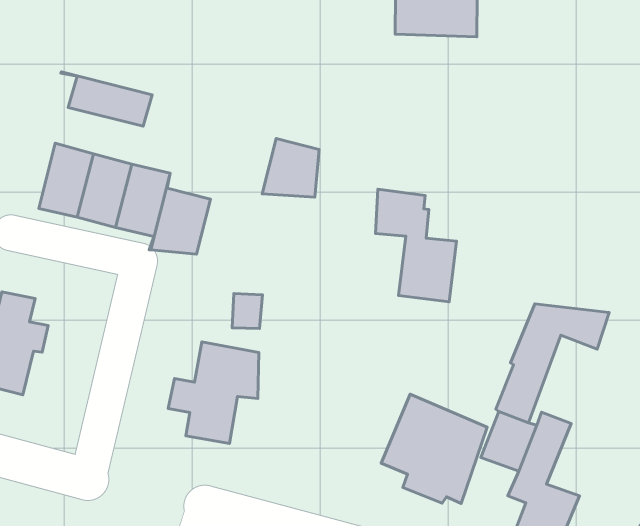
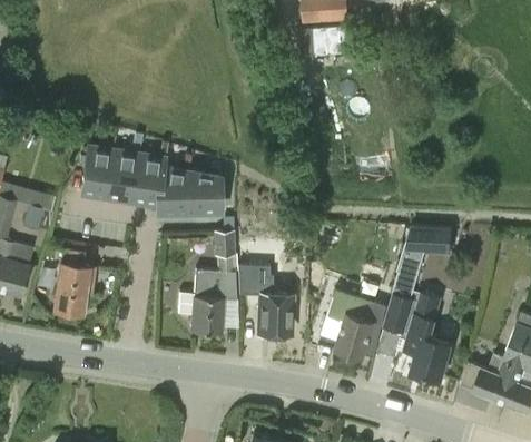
building: [61,72,152,126] -> none
building: [262,139,319,197] -> [186,176,220,213]
building: [375,189,457,302] -> [237,267,292,336]

